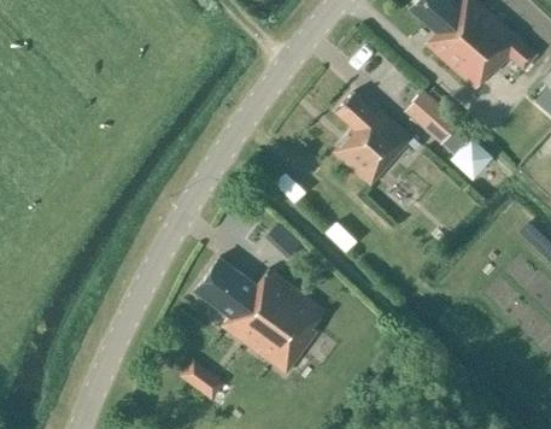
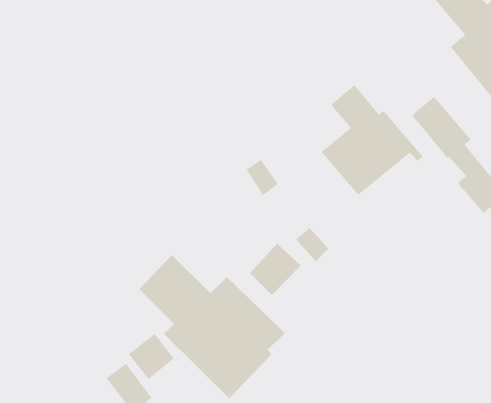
building: none -> [249,243,301,296]
building: none -> [128,333,174,380]

